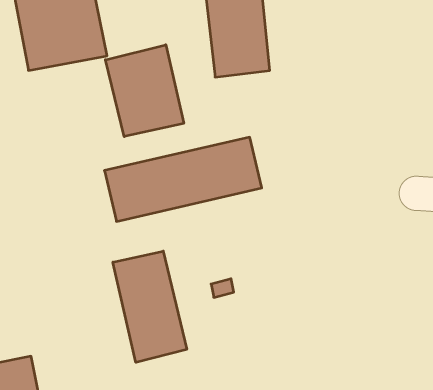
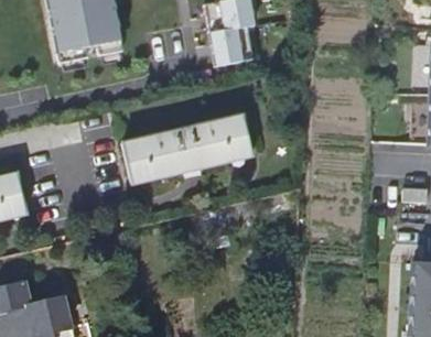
building: [105,45,184,137] -> none
building: [113,251,187,362] -> none

